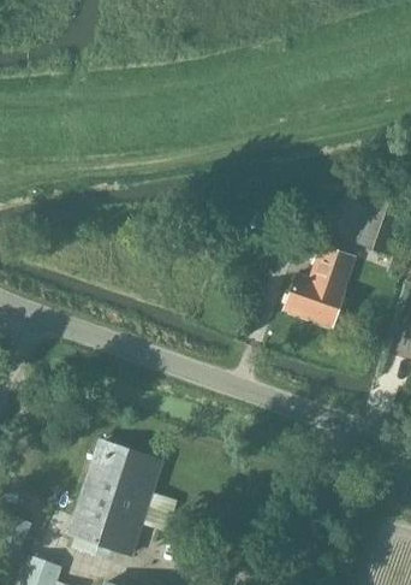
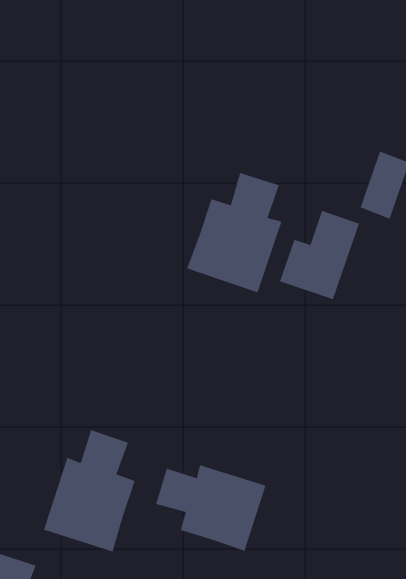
building: none -> [187,172,282,293]
building: none -> [155,464,266,552]

